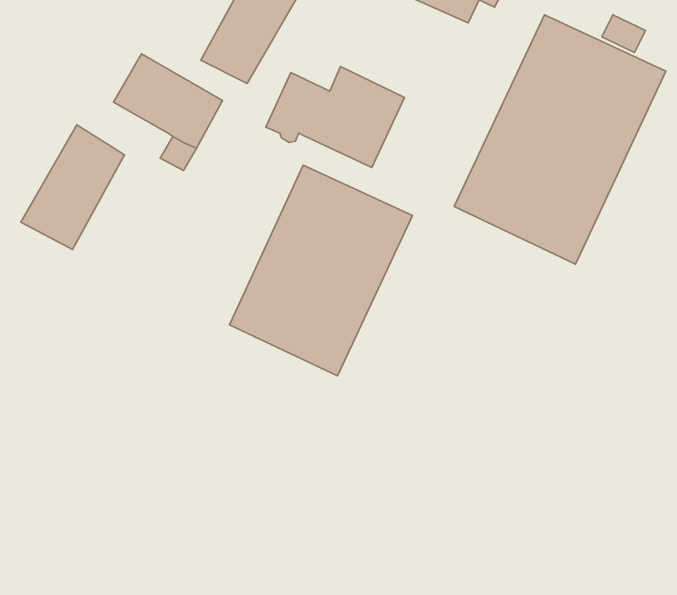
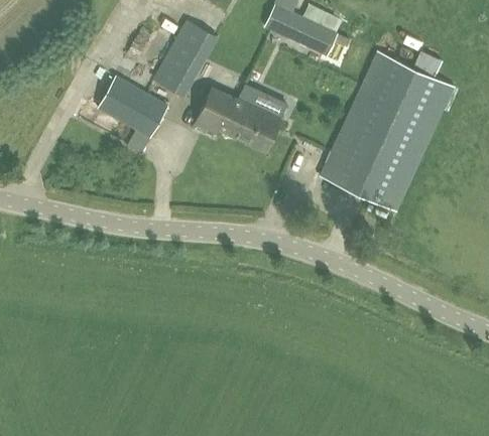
building: [21,125,124,250] -> none
building: [229,165,412,376] -> none

